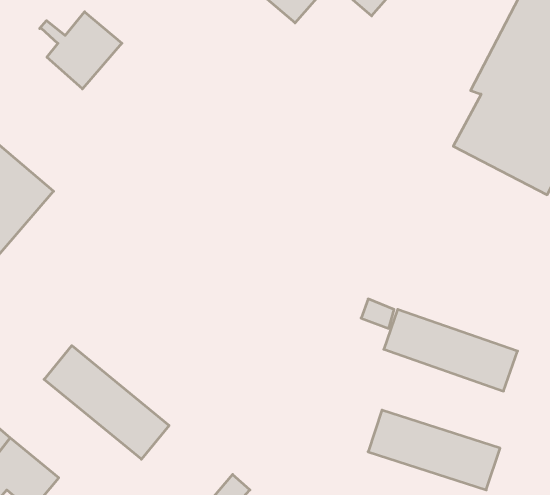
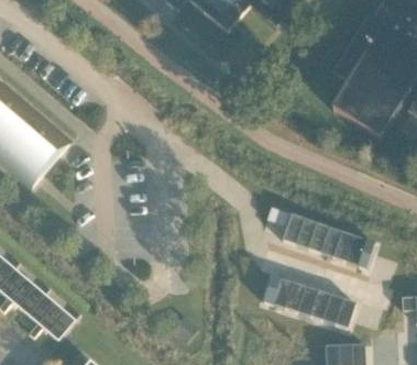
building: [40,12,122,89] -> none
building: [44,346,169,459] -> none

